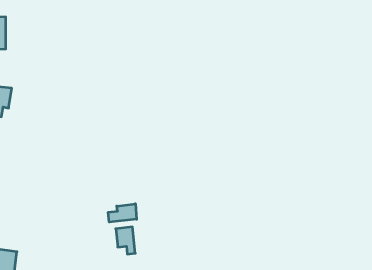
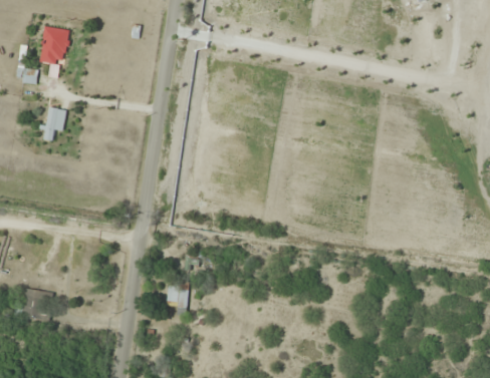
building: [108,204,137,222] -> none

